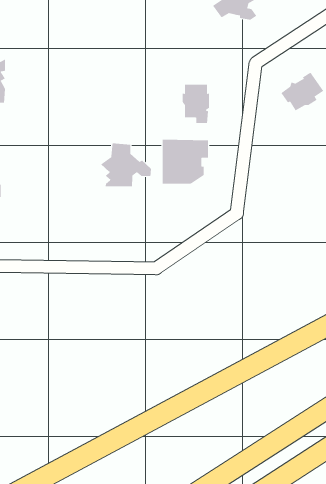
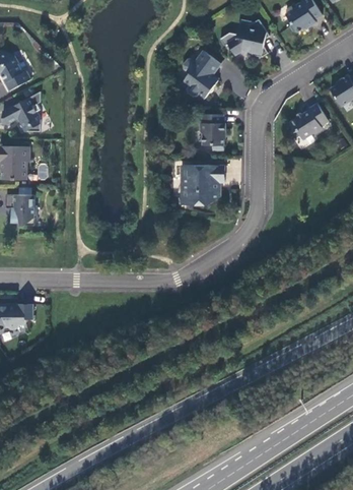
building: none -> [182,51,220,99]
building: [100,143,151,187] -> none

